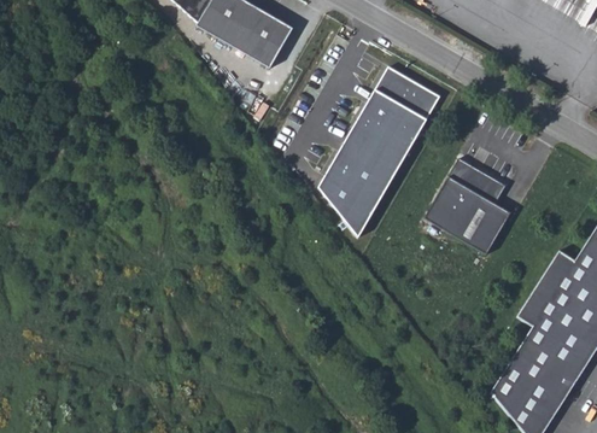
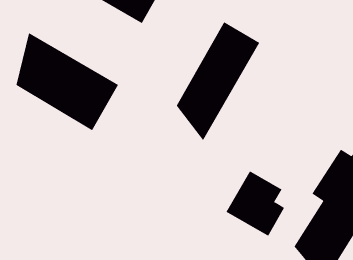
building: none -> [16,32,119,131]
building: [423,157,510,253] -> [225,170,285,237]

